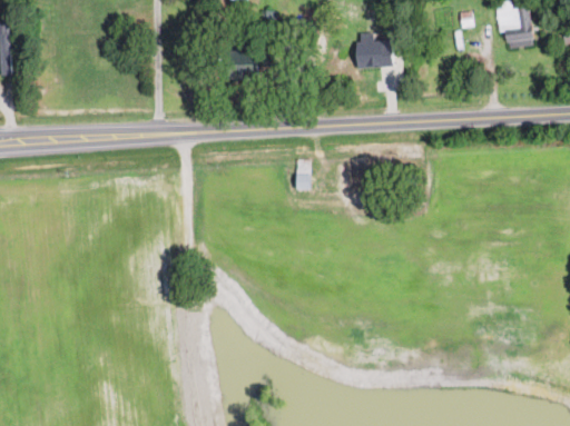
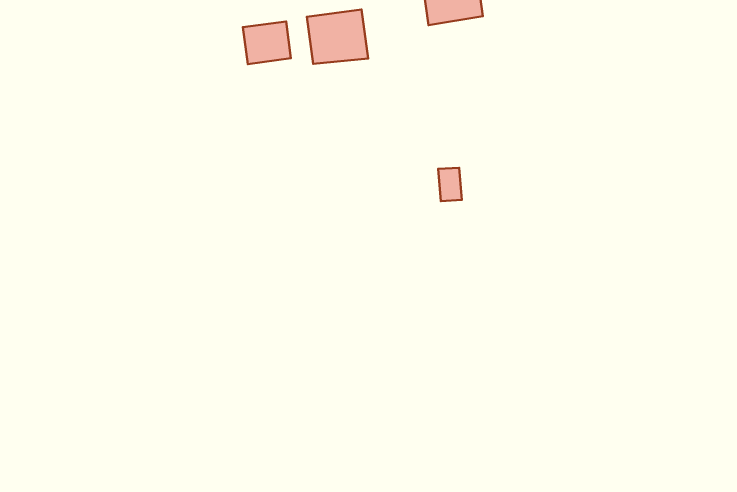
building: none -> [307,10,368,64]
building: [295,159,311,189] -> none

